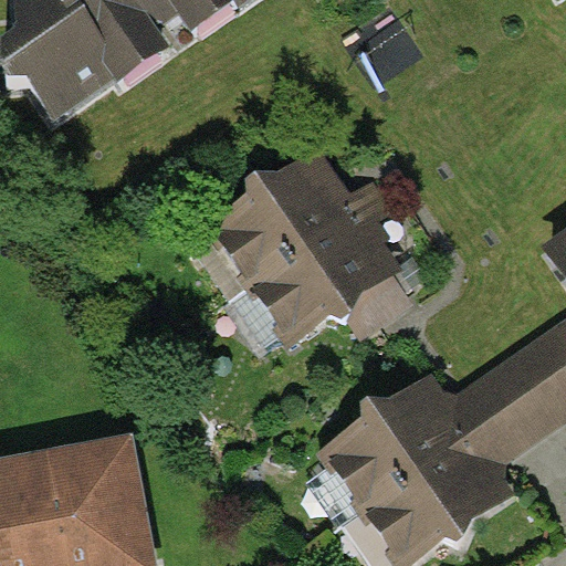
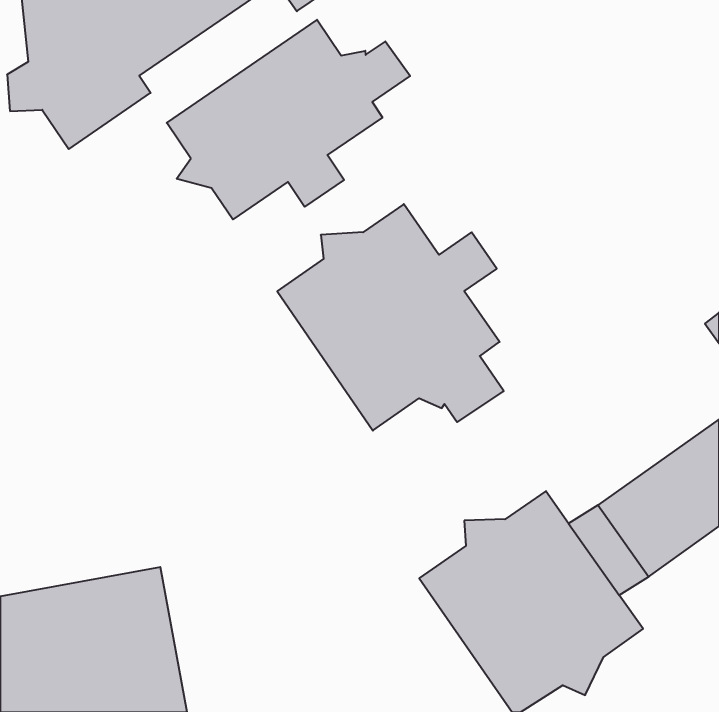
building: none -> [167,20,410,219]

